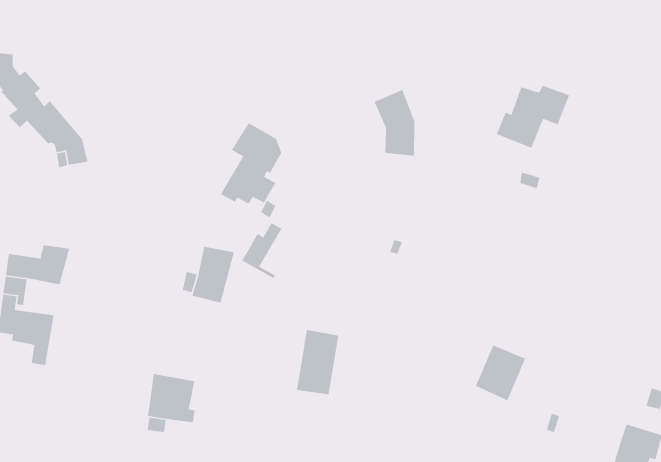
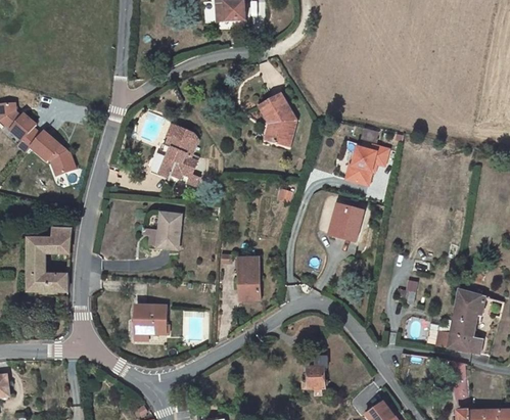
building: [496,85,570,149] -> [341,144,387,188]
building: [241,222,282,279] -> [152,146,177,184]
building: [475,344,526,402] -> [332,205,364,242]

